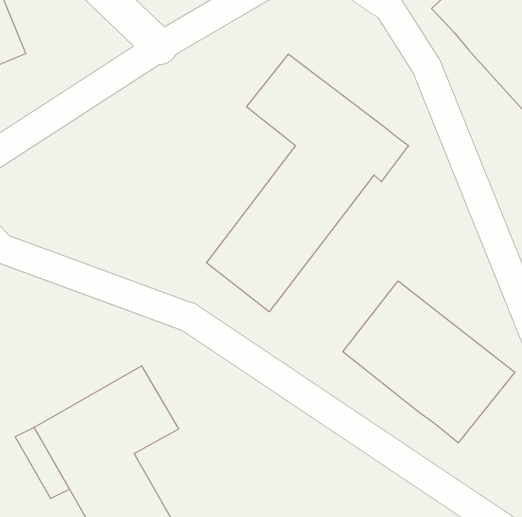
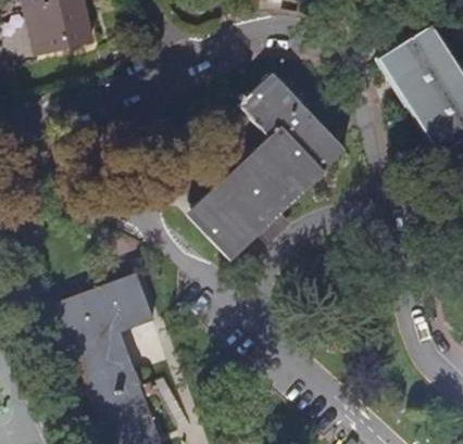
building: [343,281,515,443] -> none

